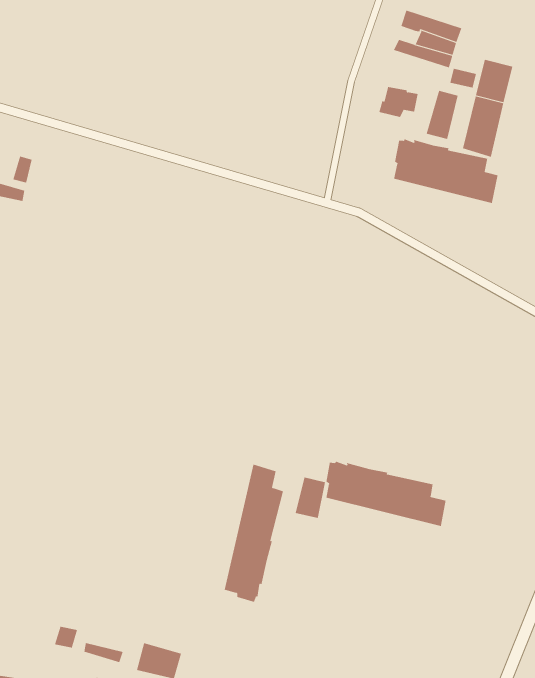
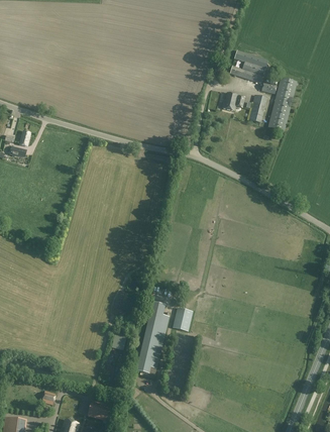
building: [394,138,498,204] -> none
building: [326,461,446,527] -> none

